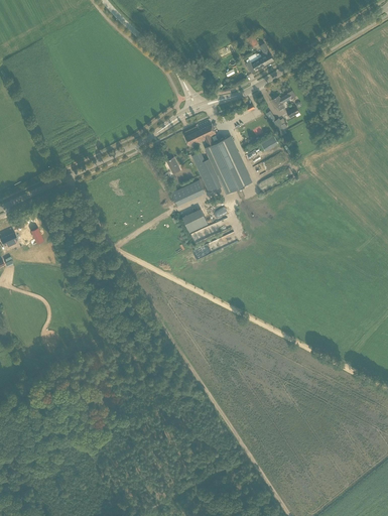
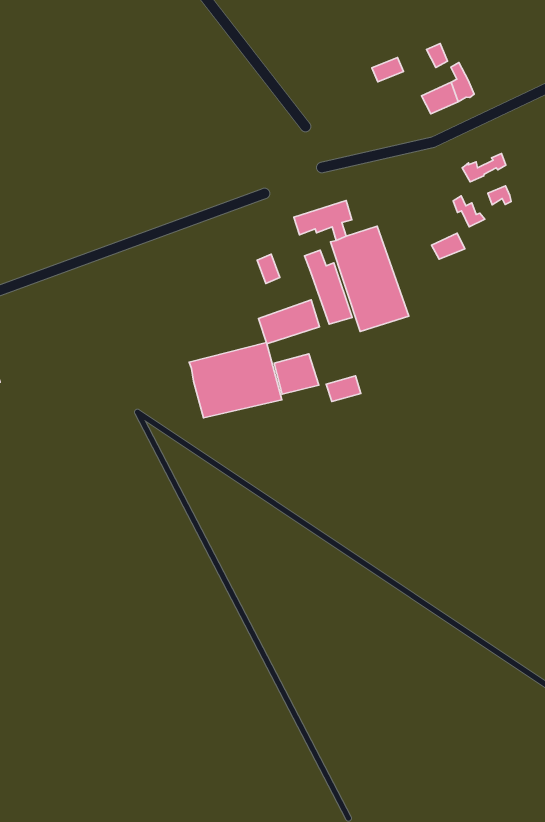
building: none -> [189,342,282,418]

